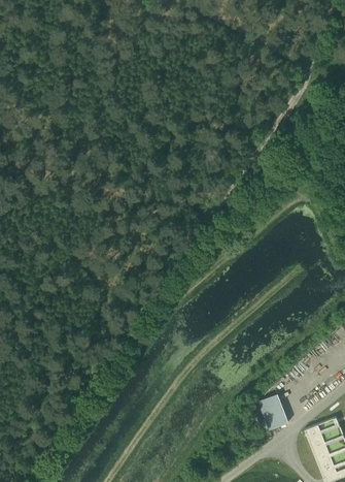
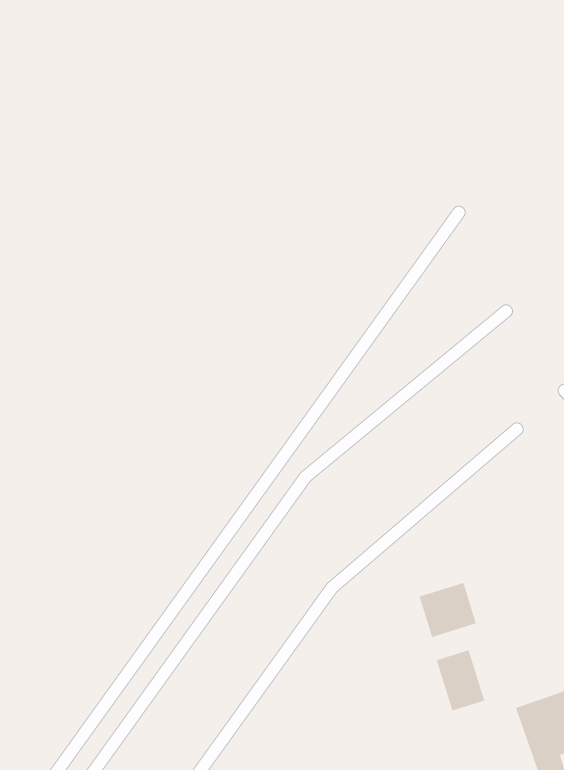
building: none -> [419,582,477,638]

